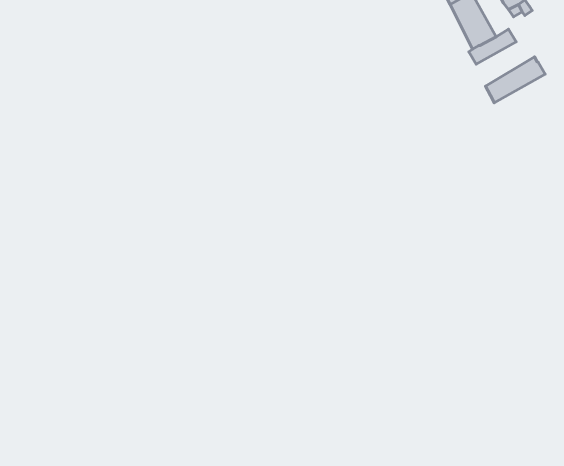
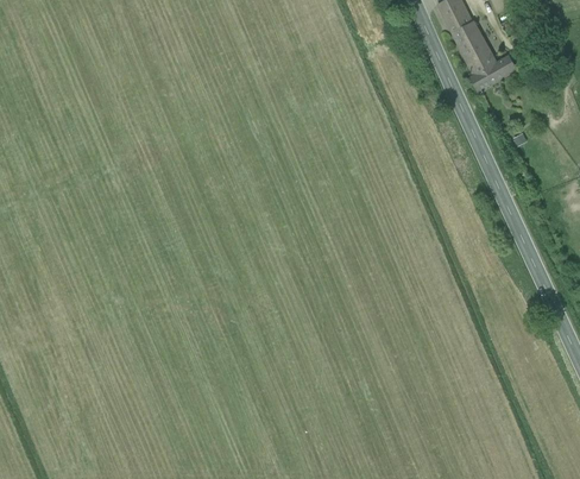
building: [486,57,545,103] -> none

